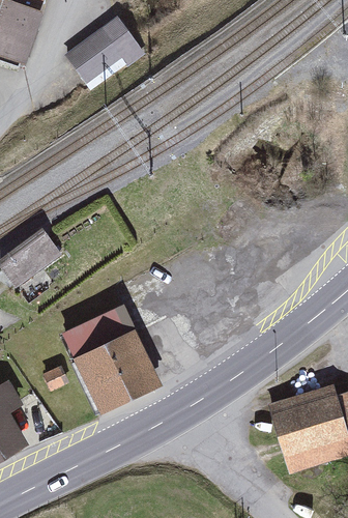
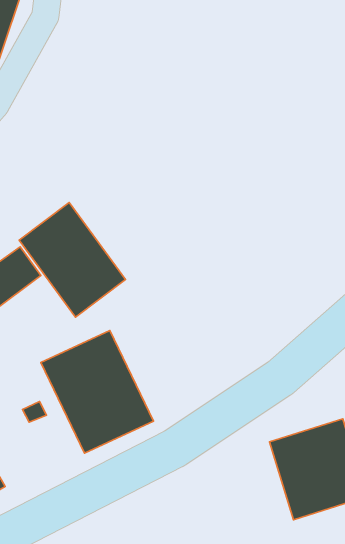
building: [64,16,144,90] -> none
building: none -> [19,203,126,317]

